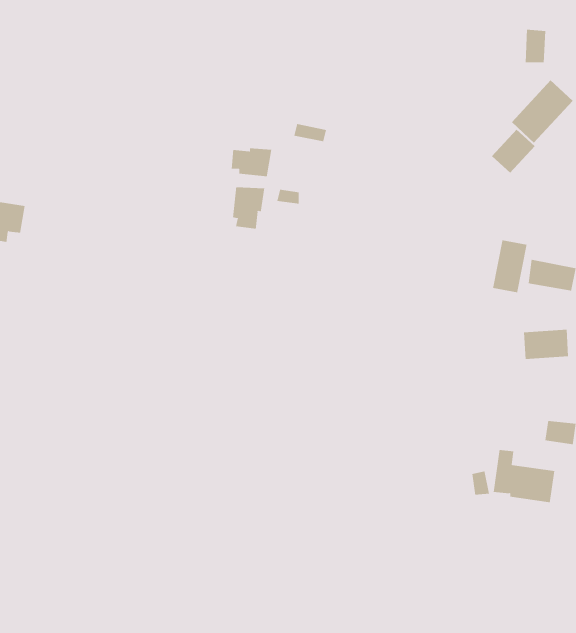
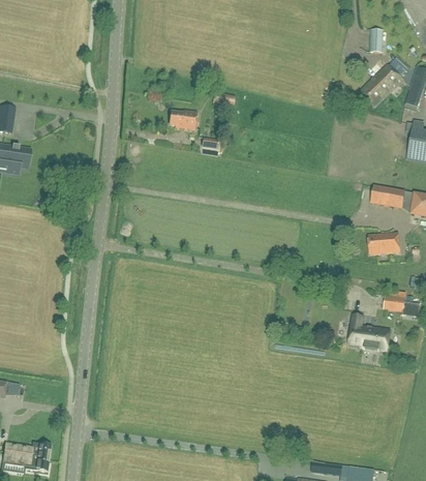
building: [491,129,536,173] -> none
building: [233,187,265,229] -> none
building: [492,240,527,293] -> none

